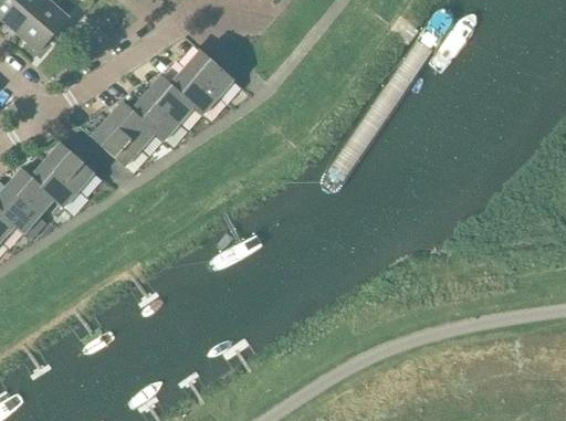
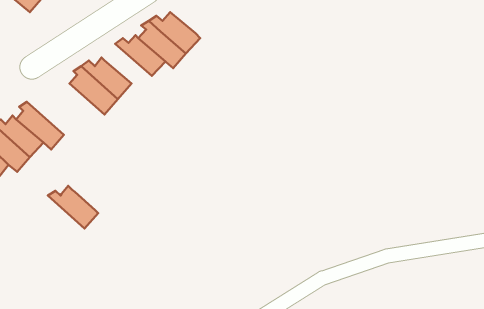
building: [125,86,179,140] -> none
building: [36,141,94,190] -> [48,186,98,229]

